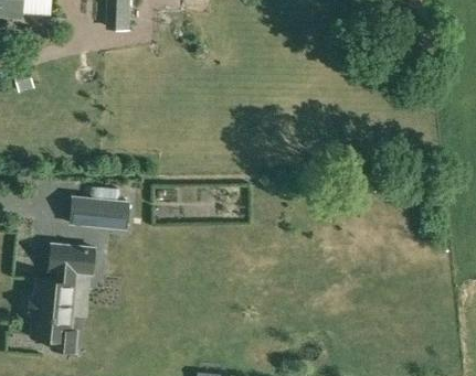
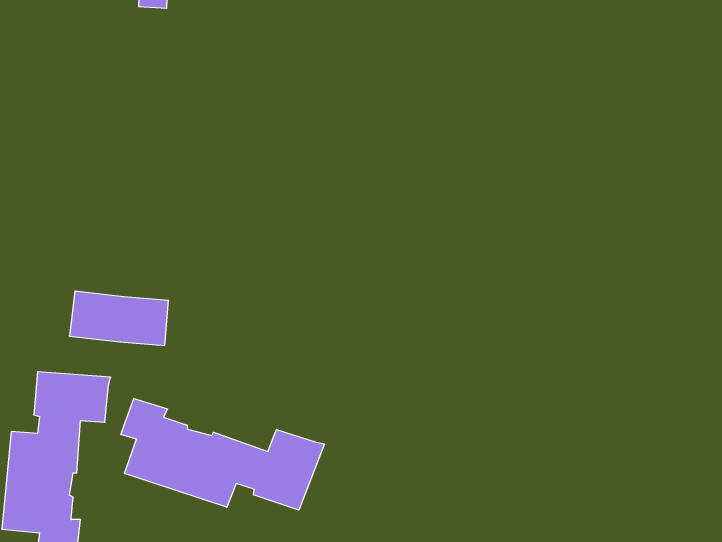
building: none -> [121,398,324,510]

